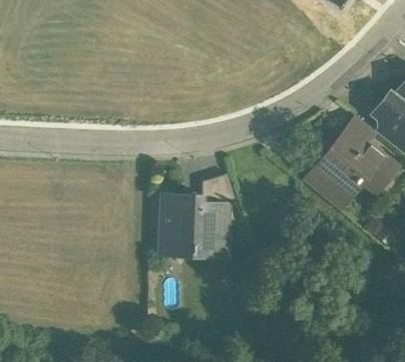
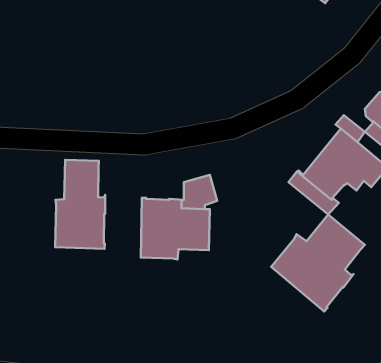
building: none -> [55,160,105,249]
building: none -> [271,214,365,311]

